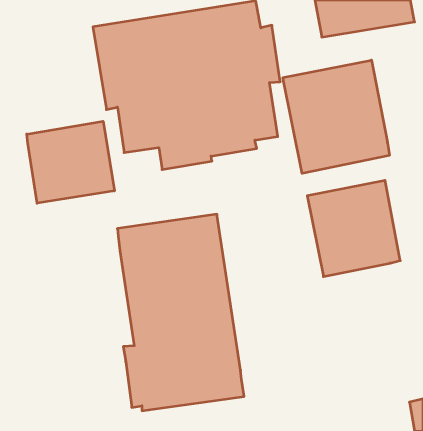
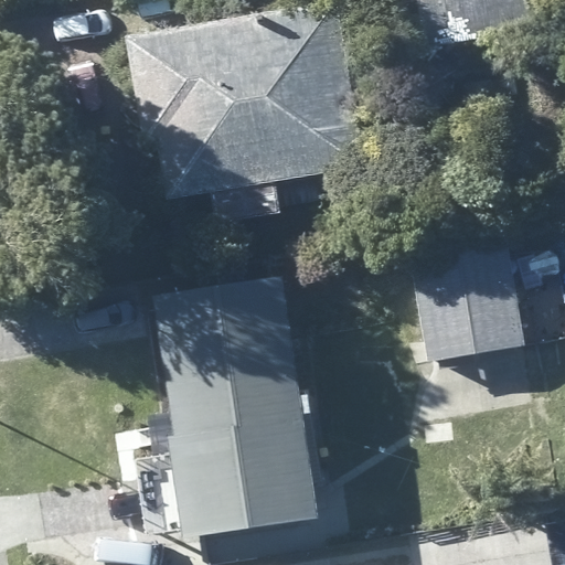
building: [283,60,389,173] -> none
building: [27,121,114,203] -> none

